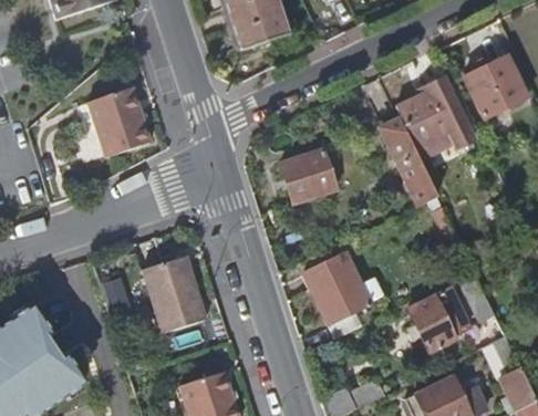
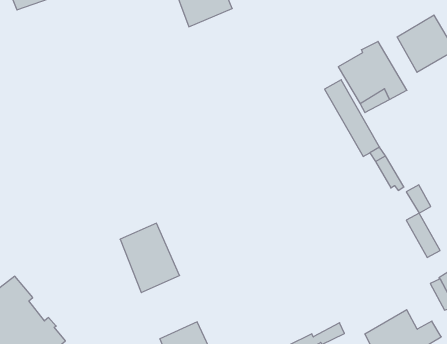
building: [91,92,154,158] -> none
building: [278,148,333,201] -> none
building: [301,253,374,339] -> none
building: [408,285,470,349] -> none

